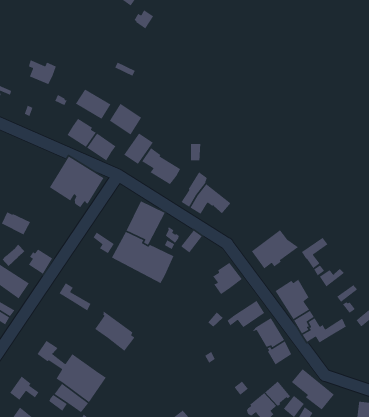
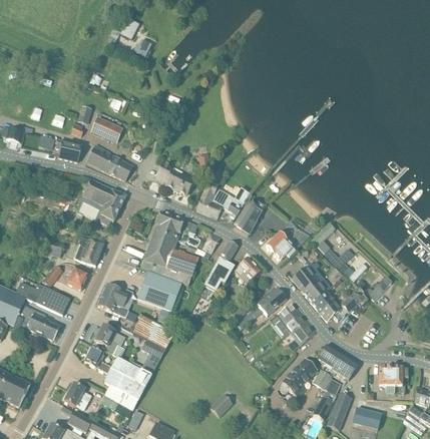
building: [28,59,57,85] -> [56,140,82,161]
building: [109,103,142,136] -> none
building: [123,132,154,165] -> none
building: none -> [235,200,263,228]
building: none -> [73,237,104,266]
building: none -> [204,241,238,293]
building: none -> [137,271,181,327]
building: none -> [102,283,132,310]
building: none -> [95,325,124,355]
building: none -> [140,340,163,375]

